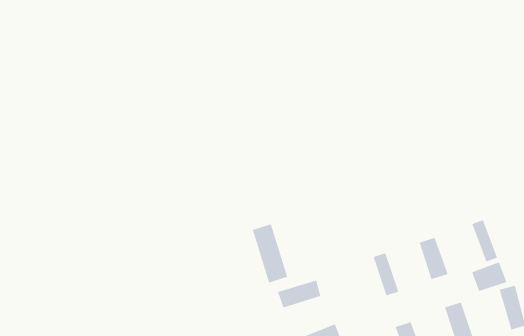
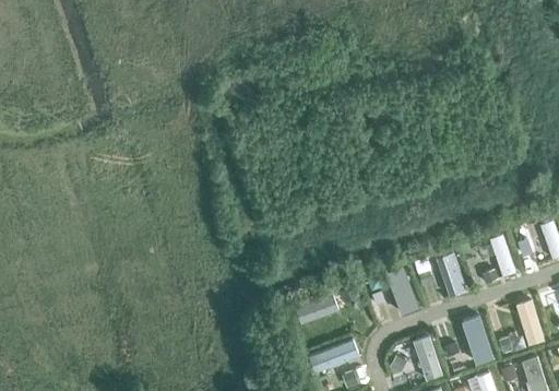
building: [252,223,288,284] -> none
building: [471,262,507,292] -> none

